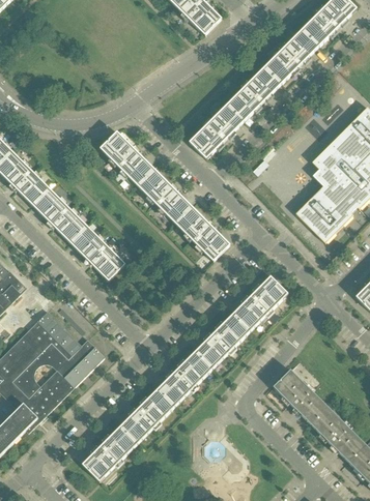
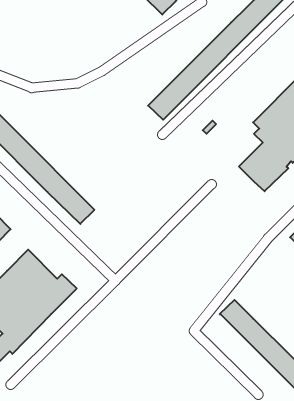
building: [99,130,230,260] -> none
building: [82,274,288,480] -> none

